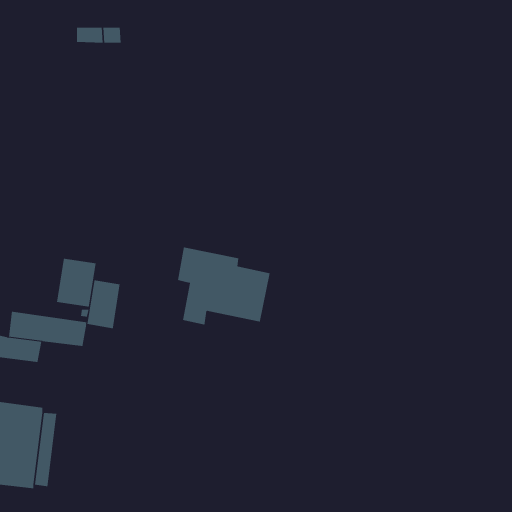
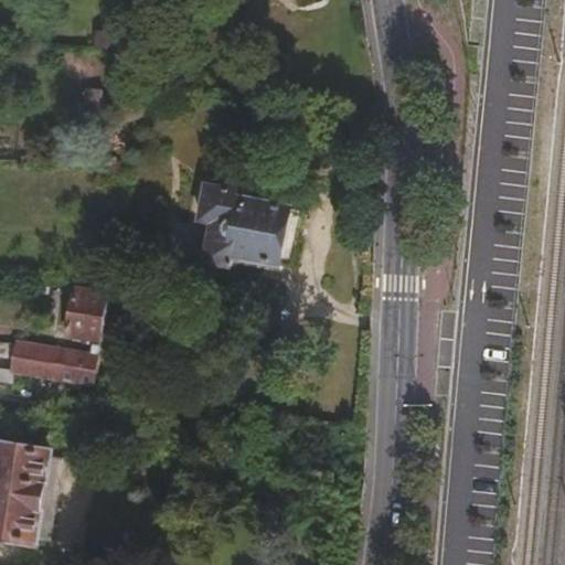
building: [177,247,270,325] -> [186,179,289,265]
building: [87,279,120,329] -> none

